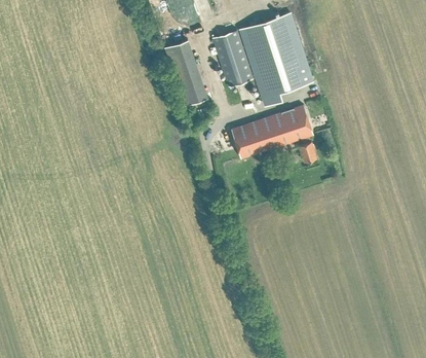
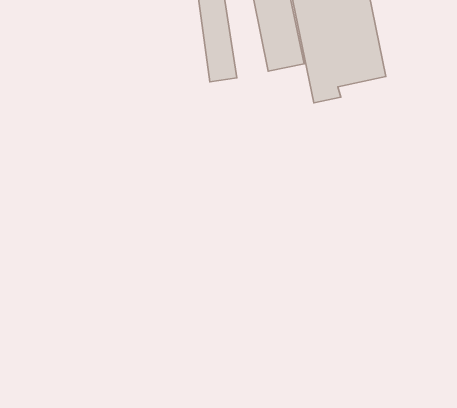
building: [229,106,315,163] -> none

